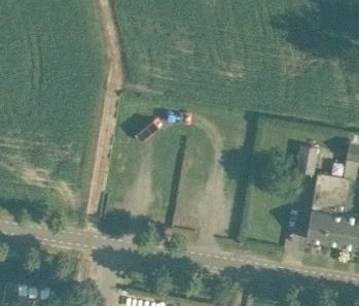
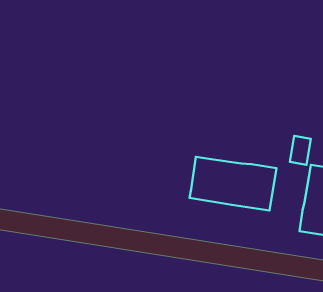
building: none -> [190,157,276,210]

